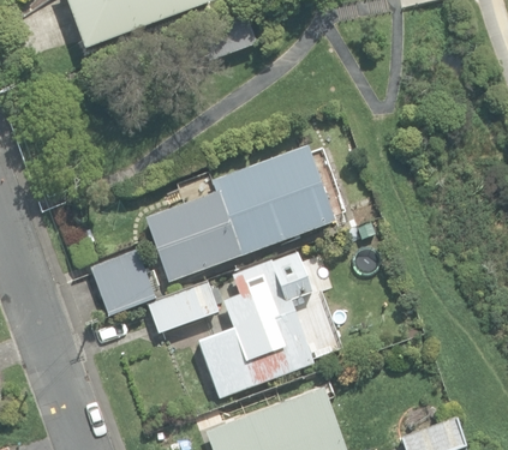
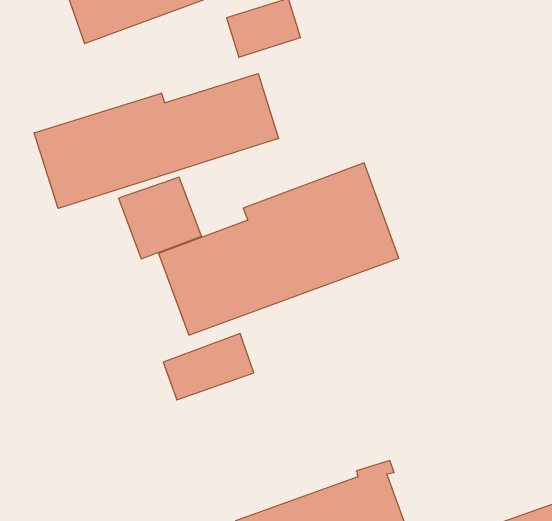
building: none -> [34,74,279,208]
building: [89,250,155,314] -> [119,177,202,259]
building: [198,252,313,397] -> none

